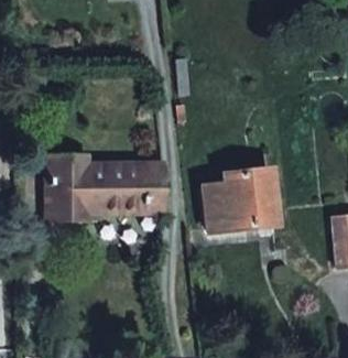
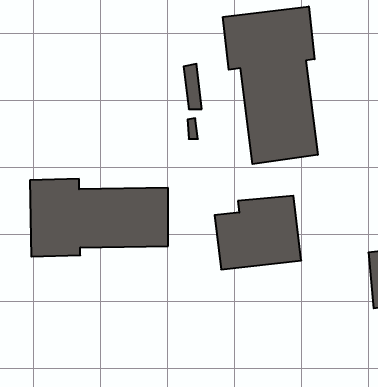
building: none -> [223,6,318,164]

